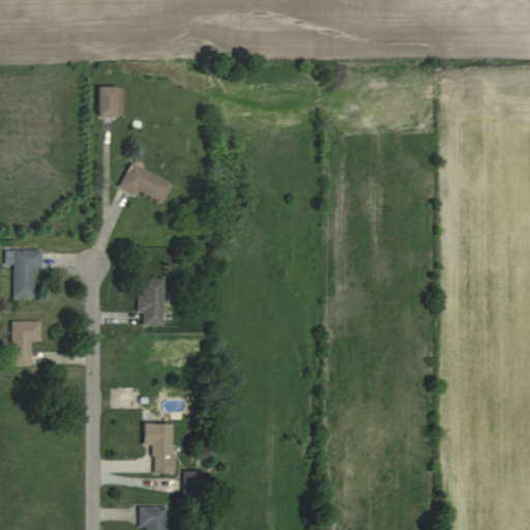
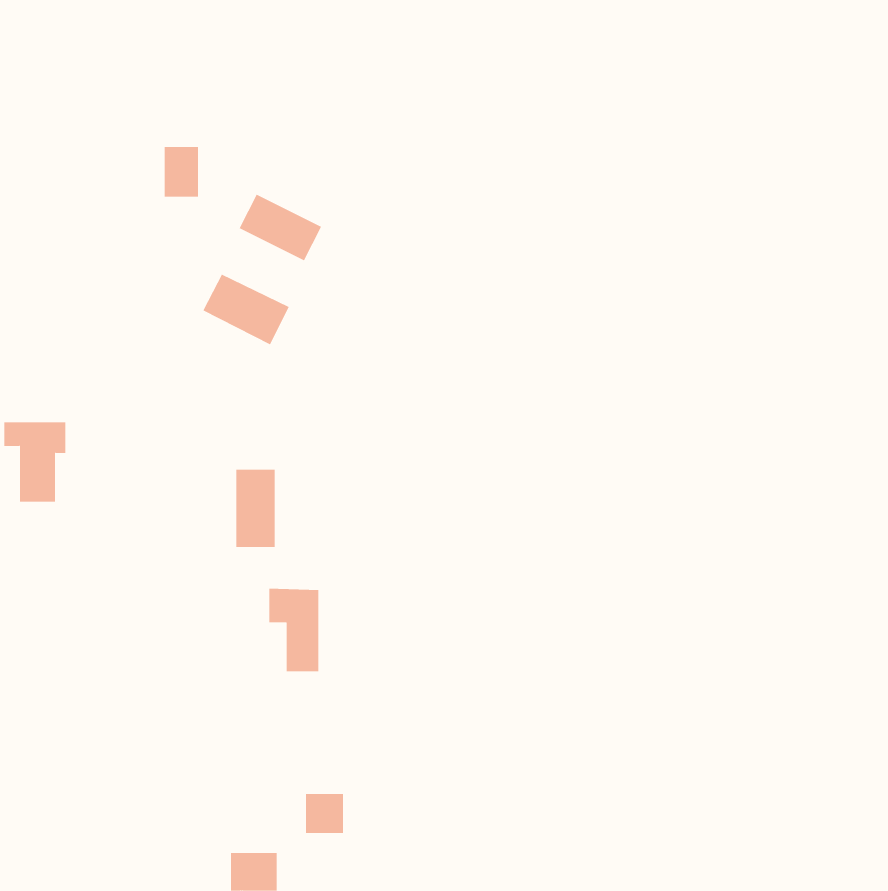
building: none -> [239,194,322,261]
building: [12,322,41,365] -> none
building: [144,423,174,473] -> [268,588,319,672]

